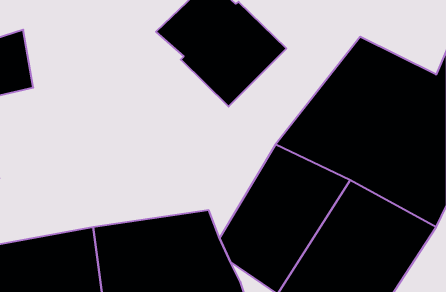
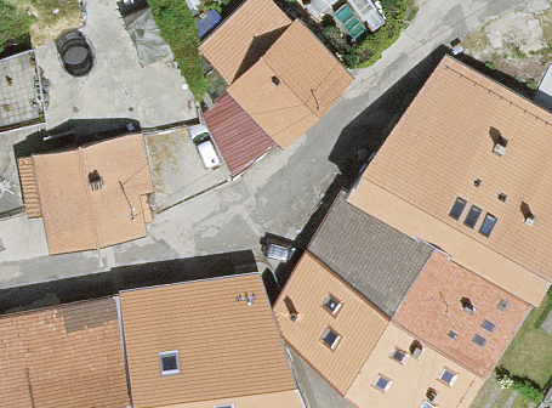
building: none -> [19,135,154,250]

